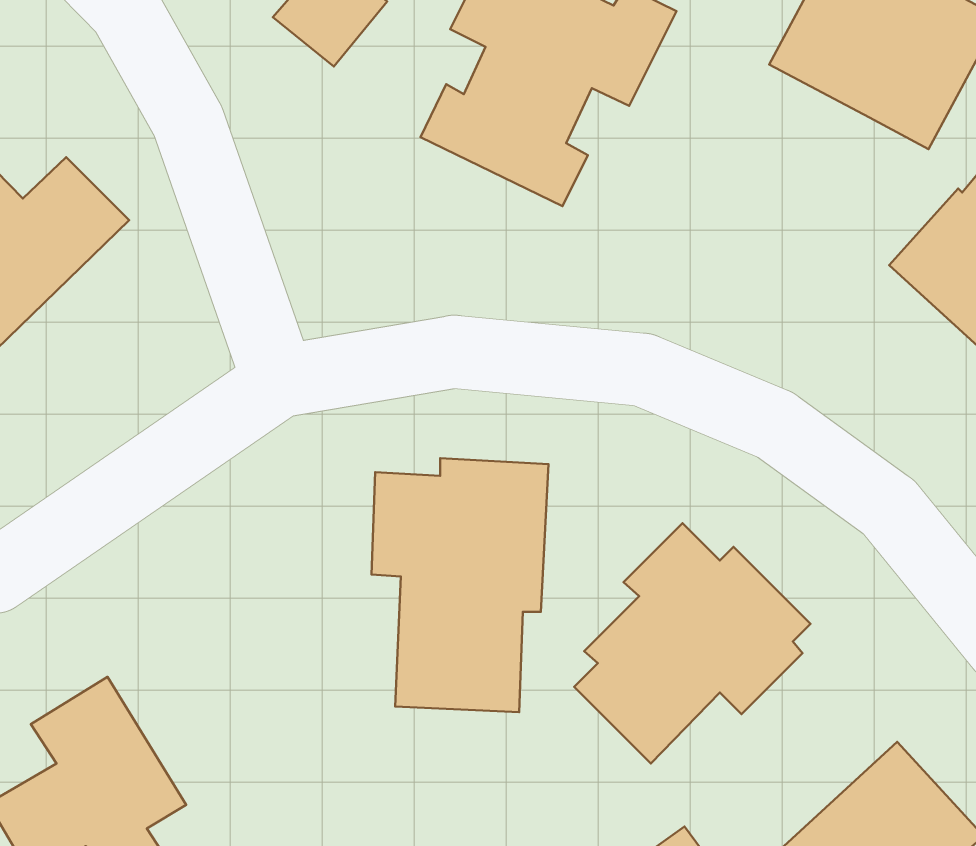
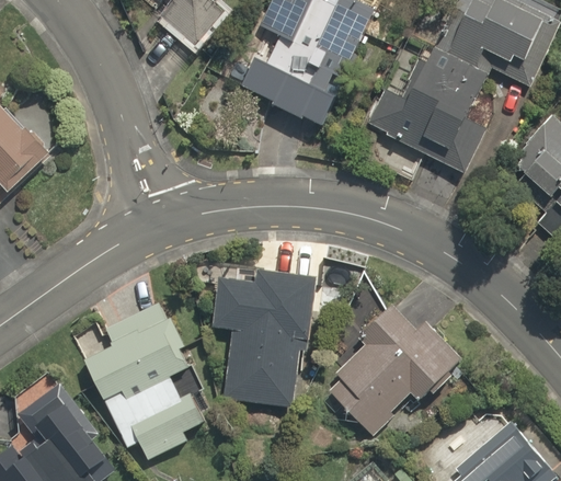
building: none -> [368,37,500,176]
building: none -> [78,310,206,462]

